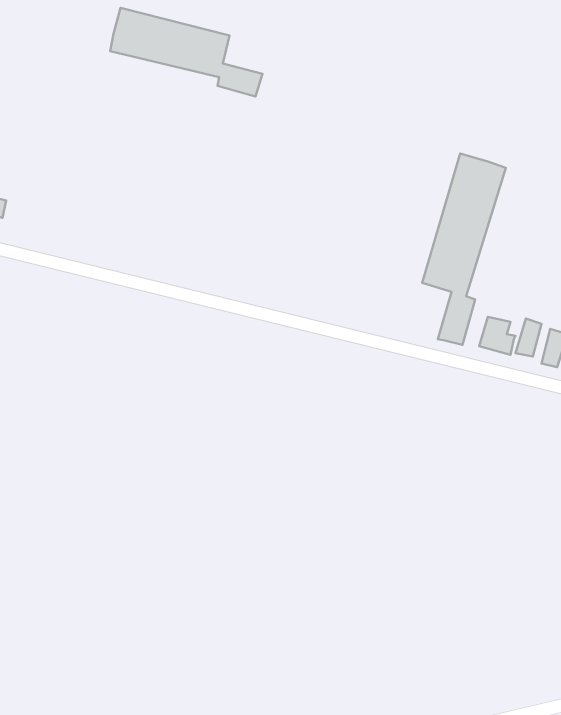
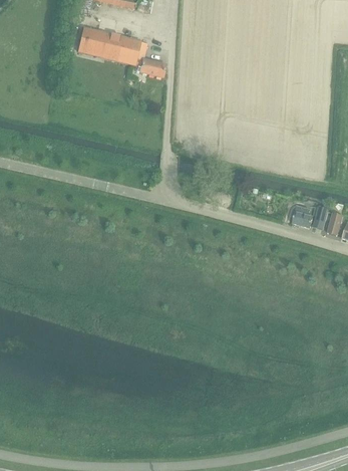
building: [422,154,506,345] -> none

